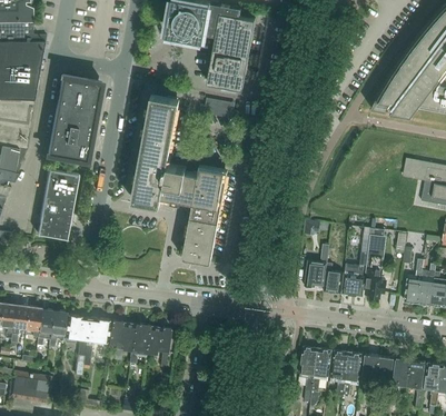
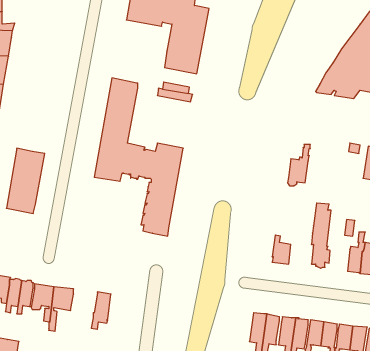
building: [48,75,99,160] -> none
building: [304,245,328,289] -> [288,144,310,186]
building: [341,266,364,296] -> none
building: [108,320,135,360] -> none
building: [146,326,170,368] -> none

